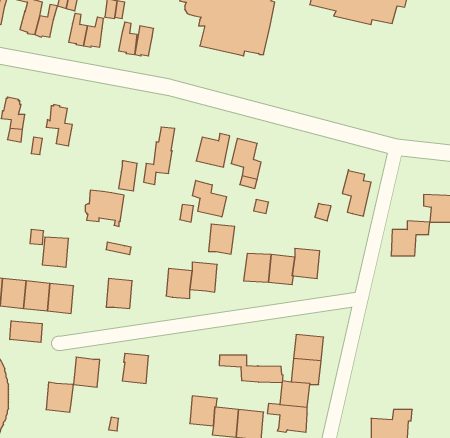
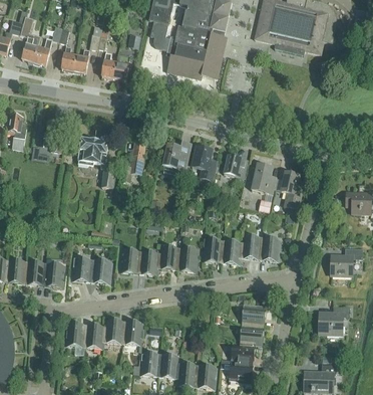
building: none -> [224,155,248,178]
building: none -> [252,163,277,194]
building: [192,180,226,217] -> none
building: [85,190,124,226] -> [77,139,108,168]
building: [391,221,430,256] -> [332,247,363,275]
building: [209,224,235,254] -> [178,247,200,271]
building: [42,237,69,267] -> [72,257,93,281]
building: none -> [261,236,282,260]
building: none -> [119,248,141,272]
building: [10,321,42,342] -> none
building: none -> [319,306,349,335]
building: [220,355,283,383] -> none
building: none -> [123,321,144,345]
building: [46,382,74,412] -> [84,324,106,348]
building: none -> [139,351,160,375]

